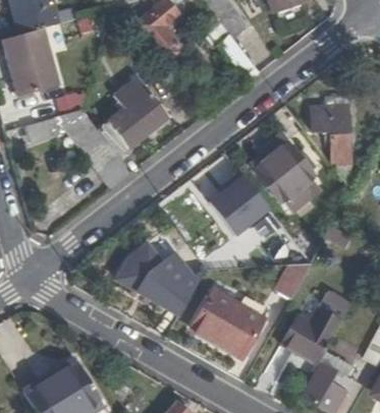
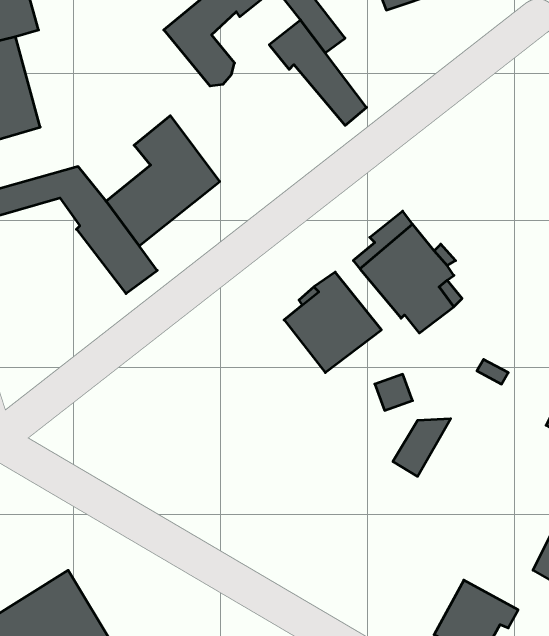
building: [310,95,362,191] -> none
building: [123,245,200,314] -> none
building: [192,291,263,355] -> none
building: [281,292,349,363] -> none

